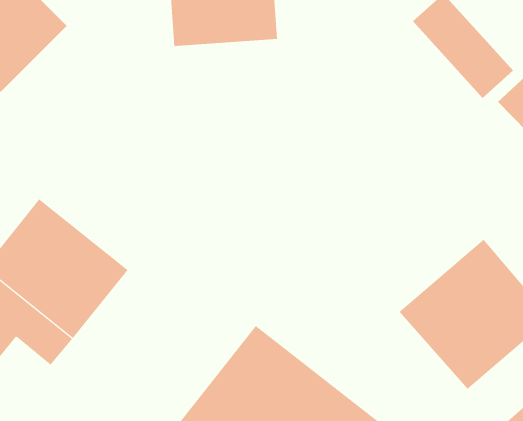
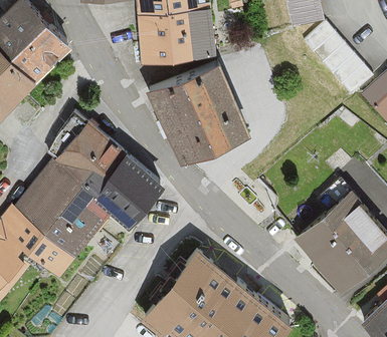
building: none -> [148,61,248,161]
building: none -> [46,114,164,226]

